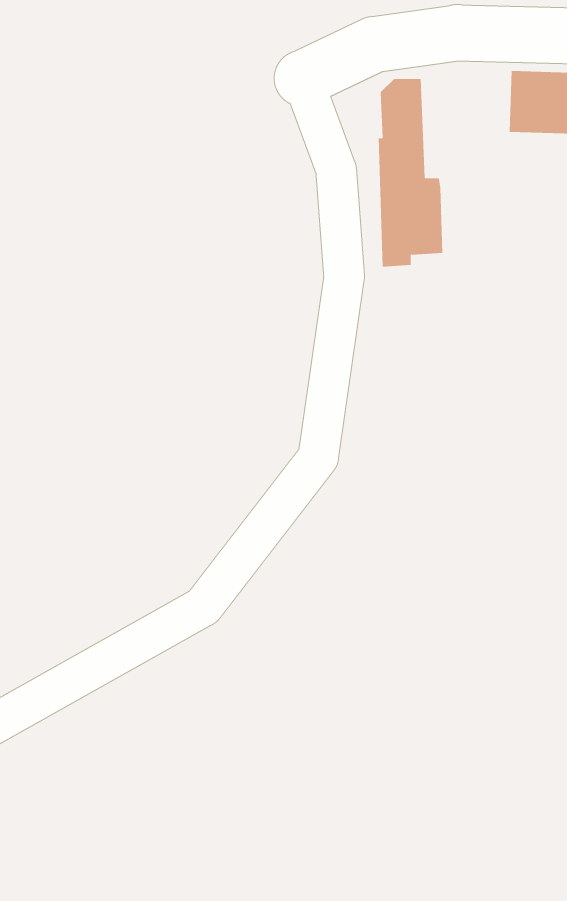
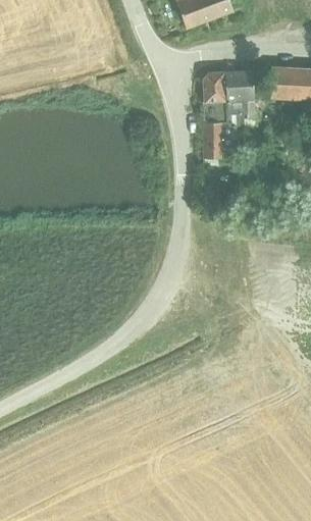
building: none -> [223,69,254,135]

